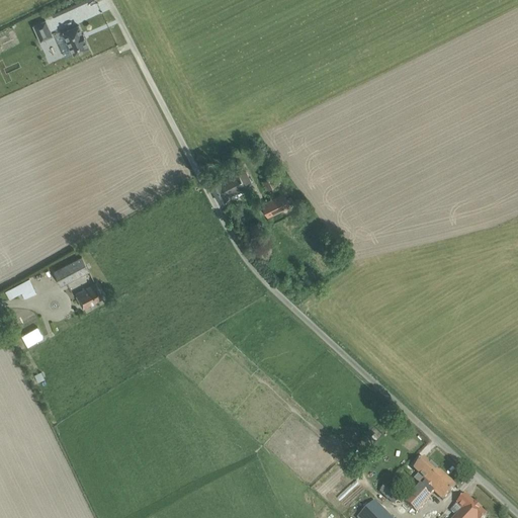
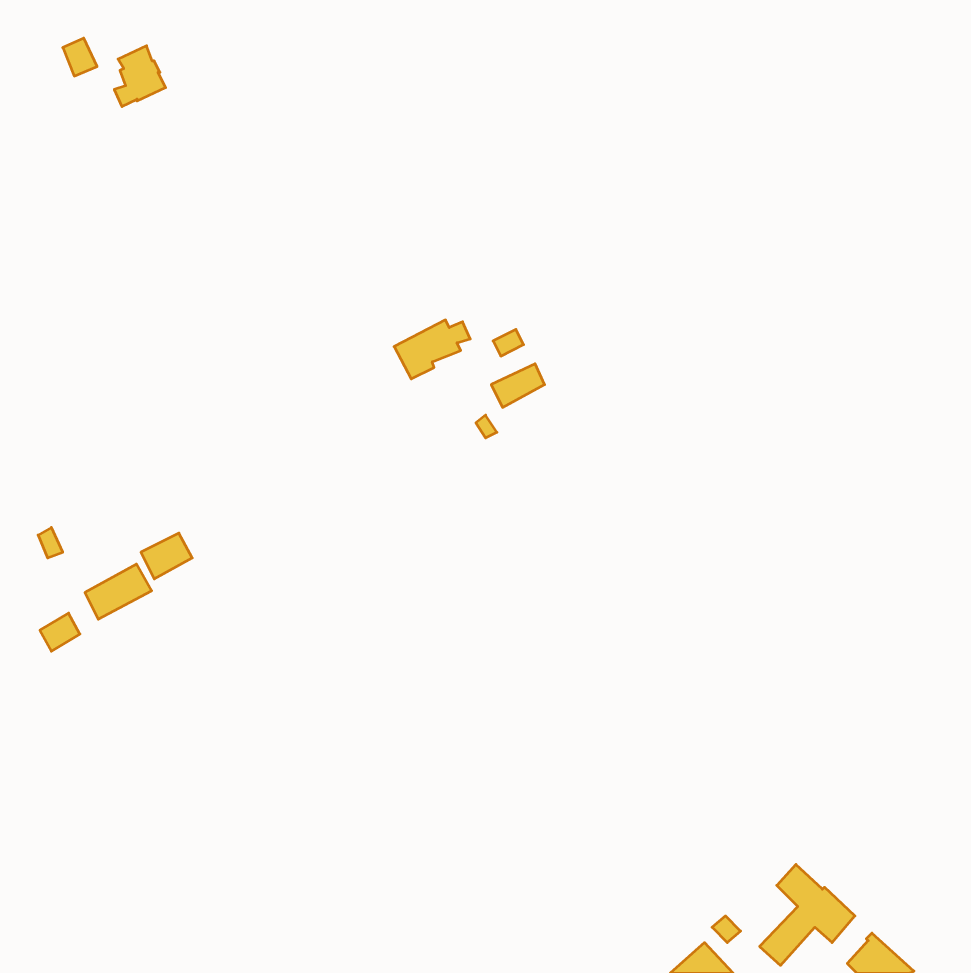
building: [55,257,90,286] -> [85,564,152,619]

